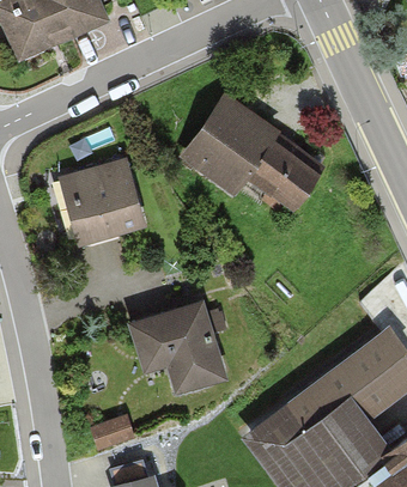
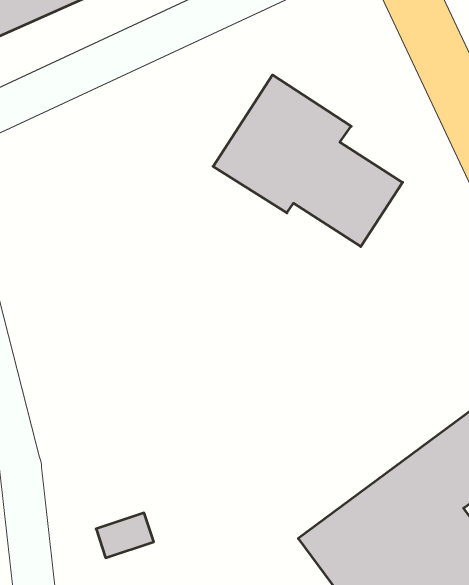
building: [60,159,146,248] -> none
building: [132,302,226,394] -> none

